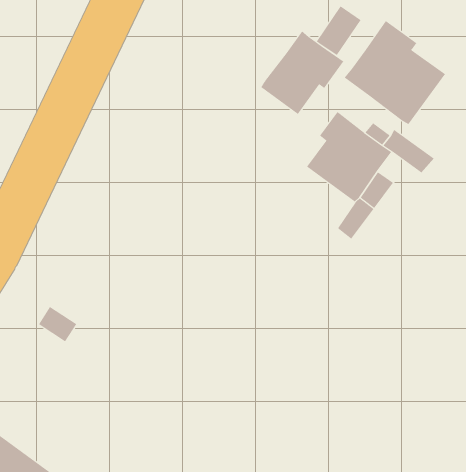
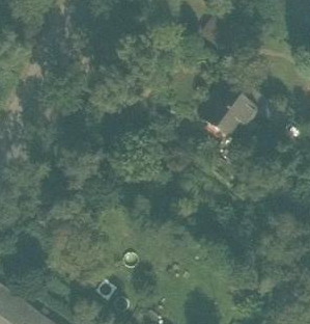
building: [344,20,446,125] -> none
building: [261,30,344,115] -> none

